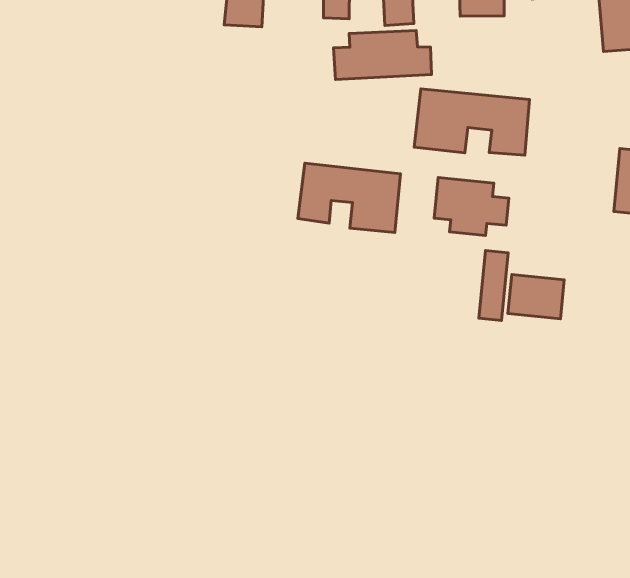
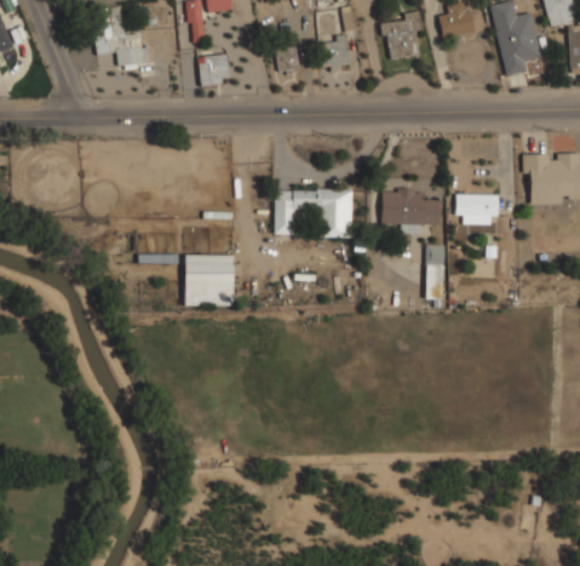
building: [333,31,431,79] -> none
building: [414,89,530,155] -> none
building: none -> [185,255,234,301]
building: [508,275,564,319] -> [456,193,499,224]

